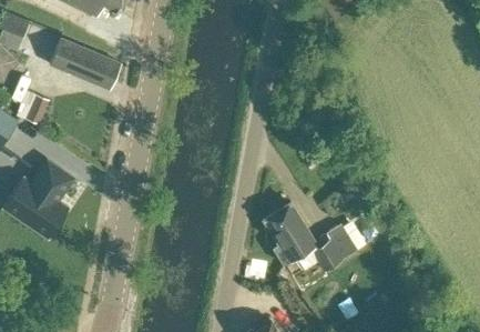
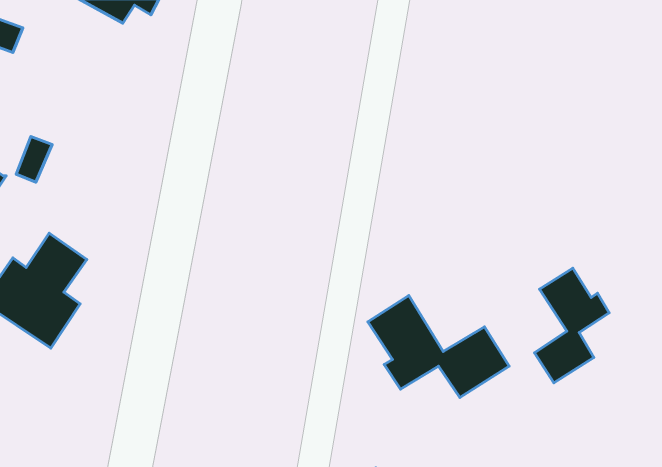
building: [50,39,121,89] -> none
building: none -> [535,268,609,383]

